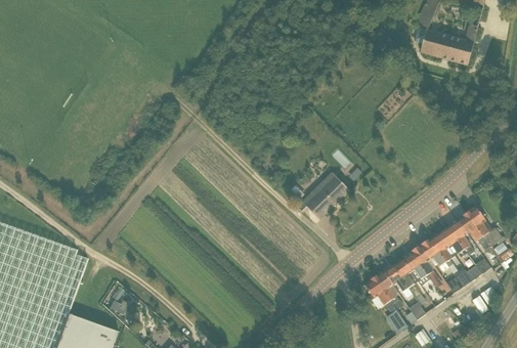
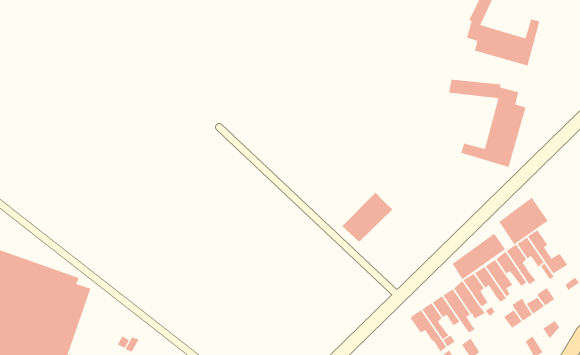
building: none -> [449,79,526,168]
building: none -> [498,197,549,245]
building: none -> [452,233,506,280]

